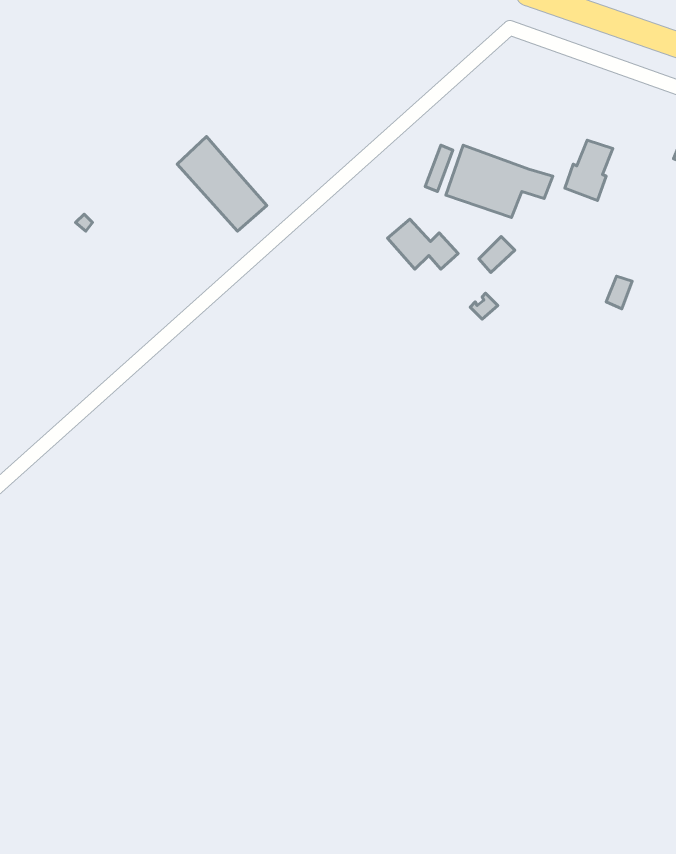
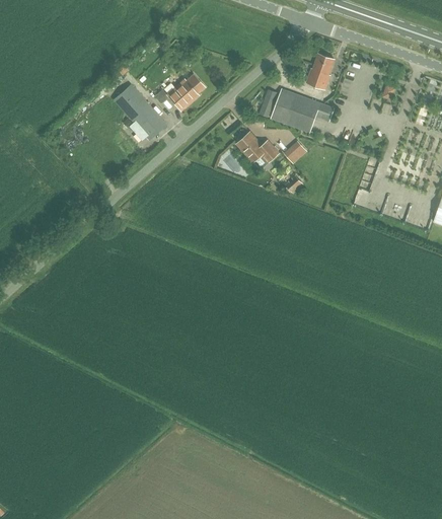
building: none -> [166,73,205,110]
building: [565,140,613,200] -> [306,53,335,88]

